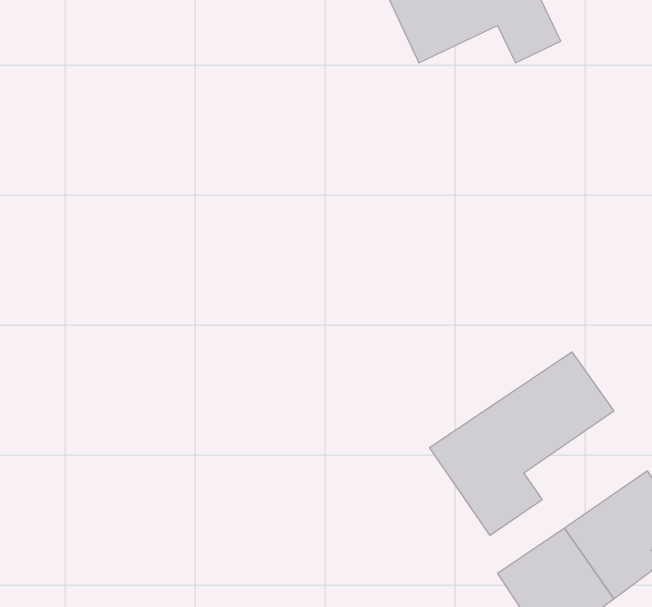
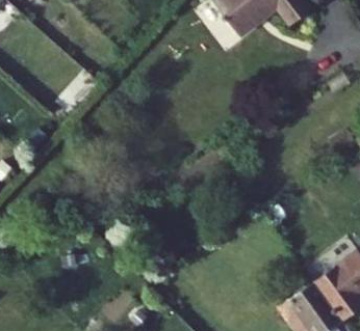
building: [430,352,614,535] -> none

